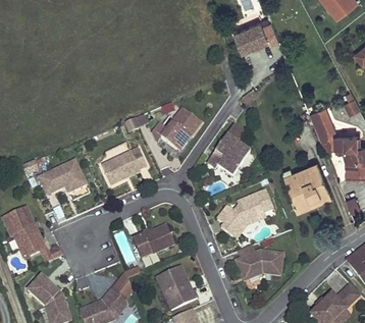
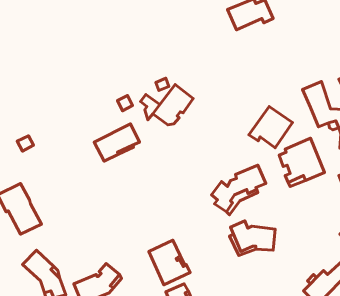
building: [207,136,251,177] -> [249,106,292,148]
building: [38,160,86,197] -> none
building: [131,223,174,257] -> none

